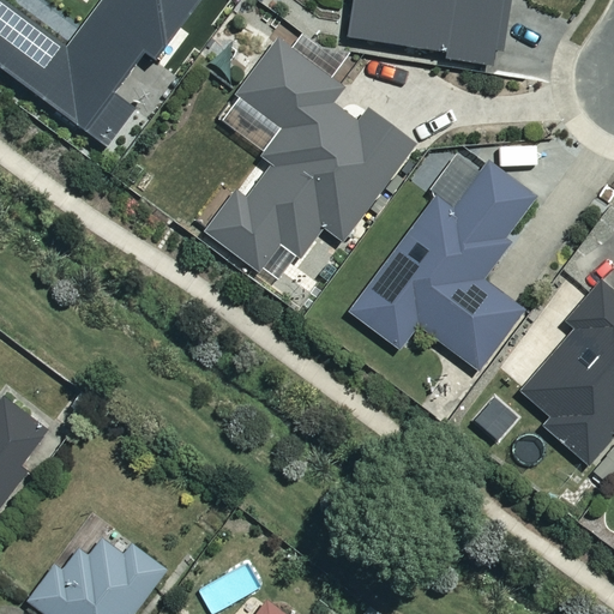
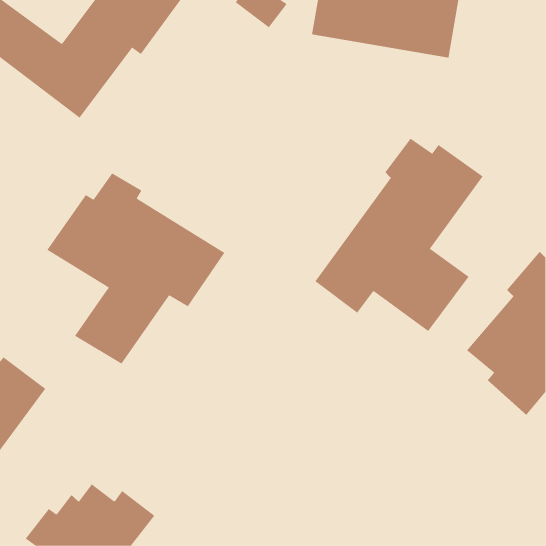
building: [205,38,415,271] -> none
building: none -> [47,172,225,365]

